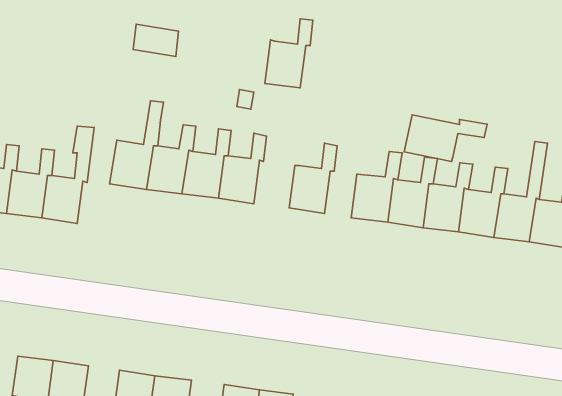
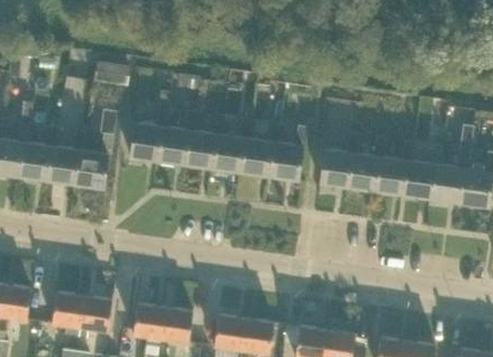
building: [265,19,313,88] -> [242,121,280,175]
building: [133,24,179,57] -> [93,60,129,85]
building: [404,115,487,161] -> none

